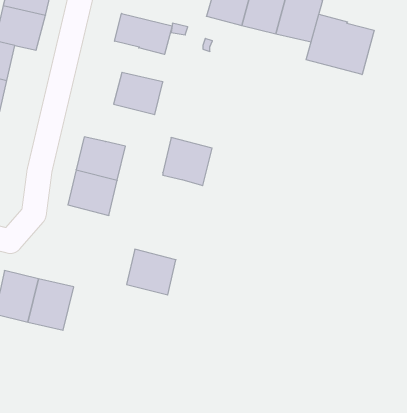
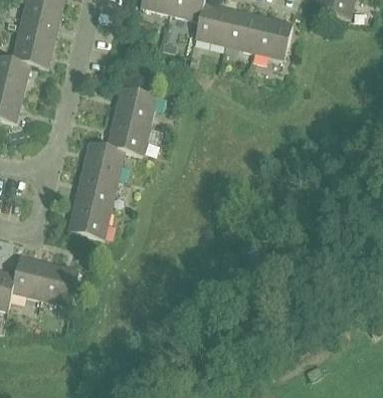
building: [115,13,172,54] -> none
building: [306,14,374,75] -> none
building: [163,138,212,186] -> [107,114,149,155]
building: [127,249,176,295] -> [67,200,110,239]

